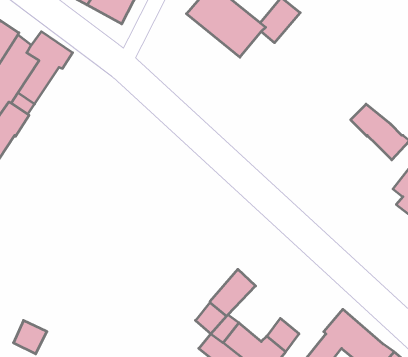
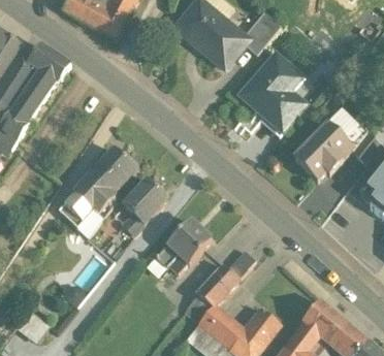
building: none -> [239,54,305,130]
building: none -> [293,125,350,179]
building: none -> [58,148,132,226]
building: none -> [121,179,166,233]
building: none -> [154,218,210,266]

